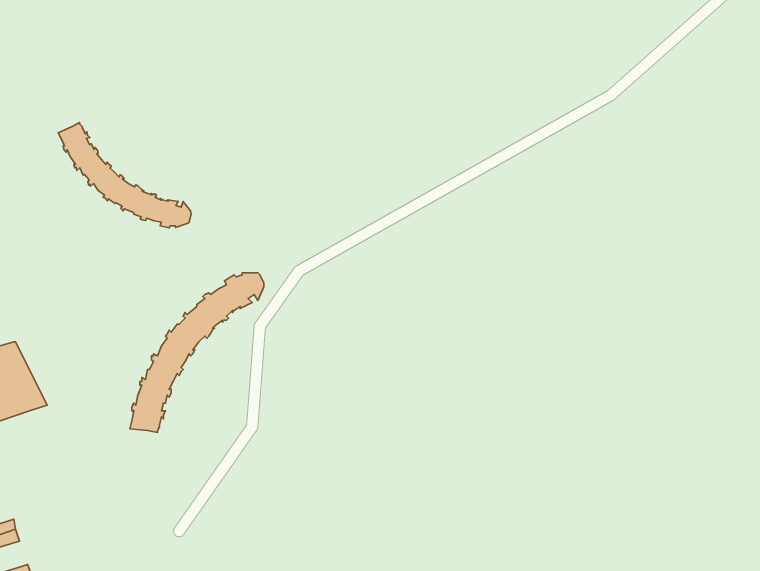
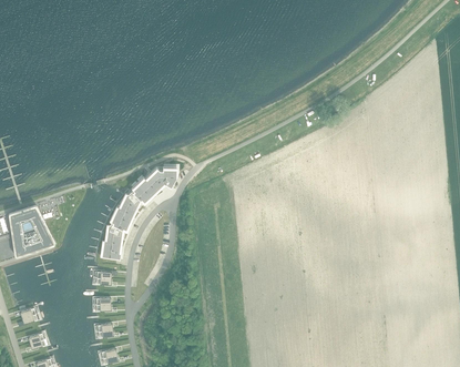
building: [58,122,191,228] -> none

